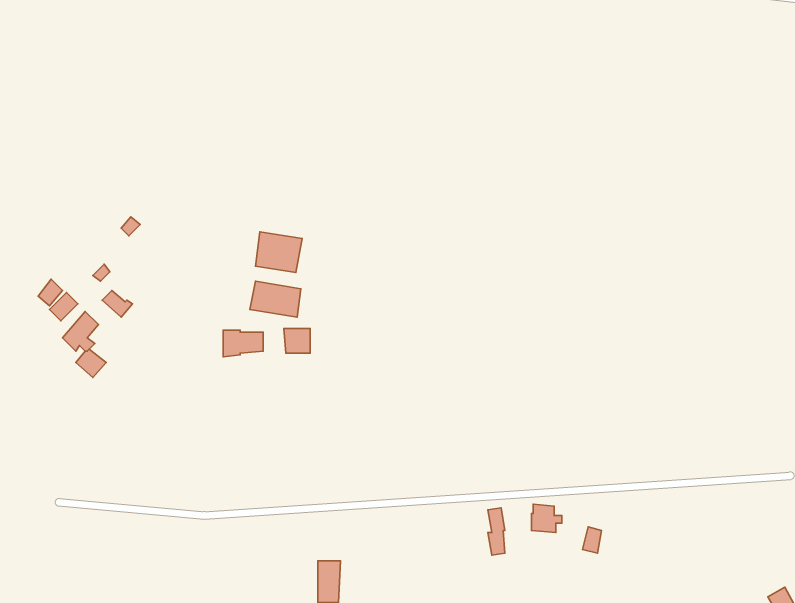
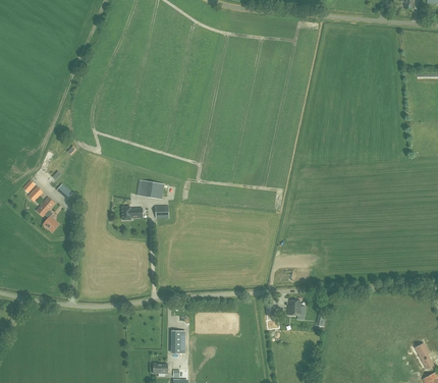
building: [255,232,302,272] -> none

